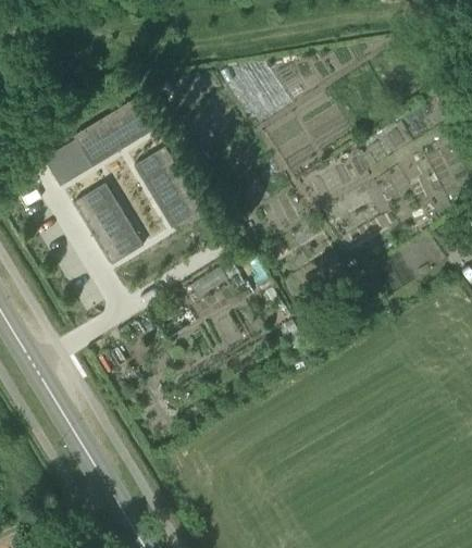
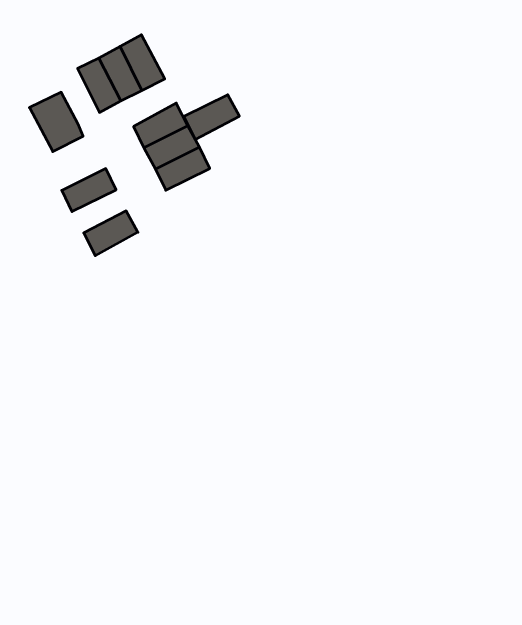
building: [73,126,108,167] -> none
building: [74,183,115,217] -> none
building: [161,194,202,228] -> [184,95,239,139]
building: [92,214,133,248] -> none

